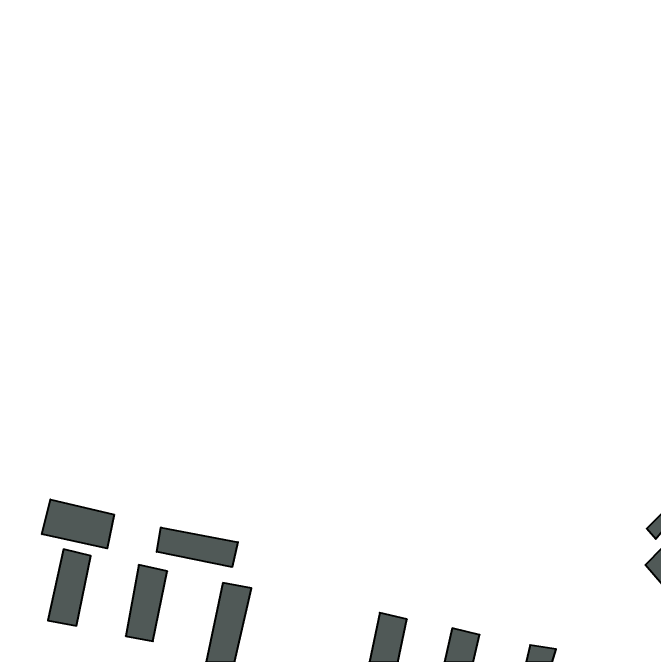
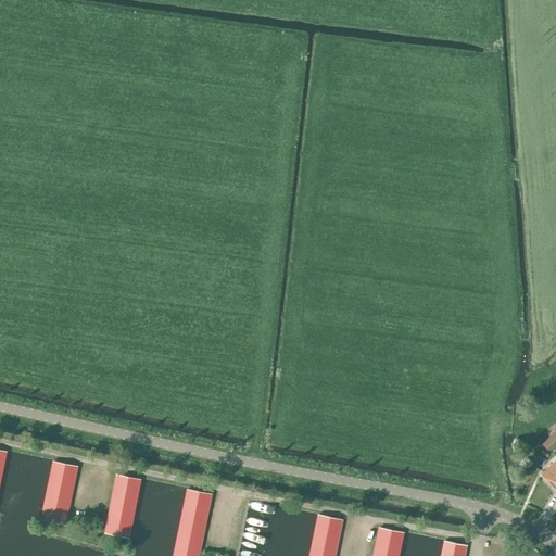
building: [42,499,114,548] -> none
building: [157,527,238,567] -> none

